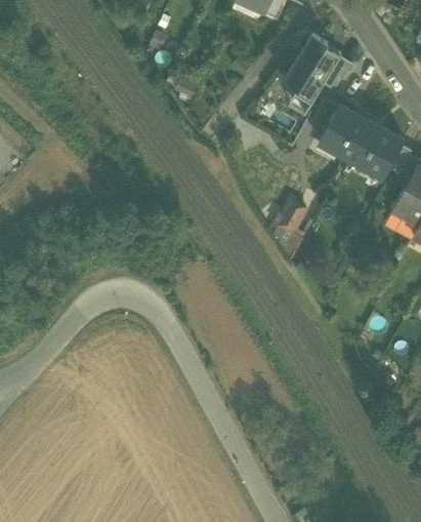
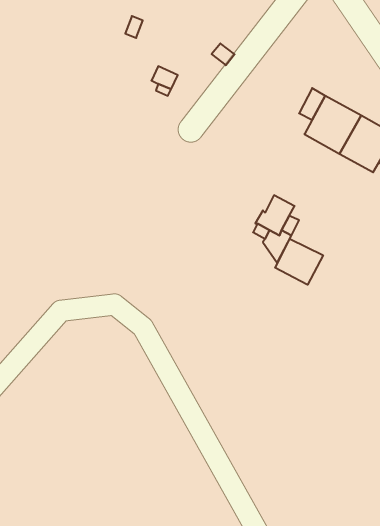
building: [283,34,340,103] -> none
building: none -> [275,239,323,285]

